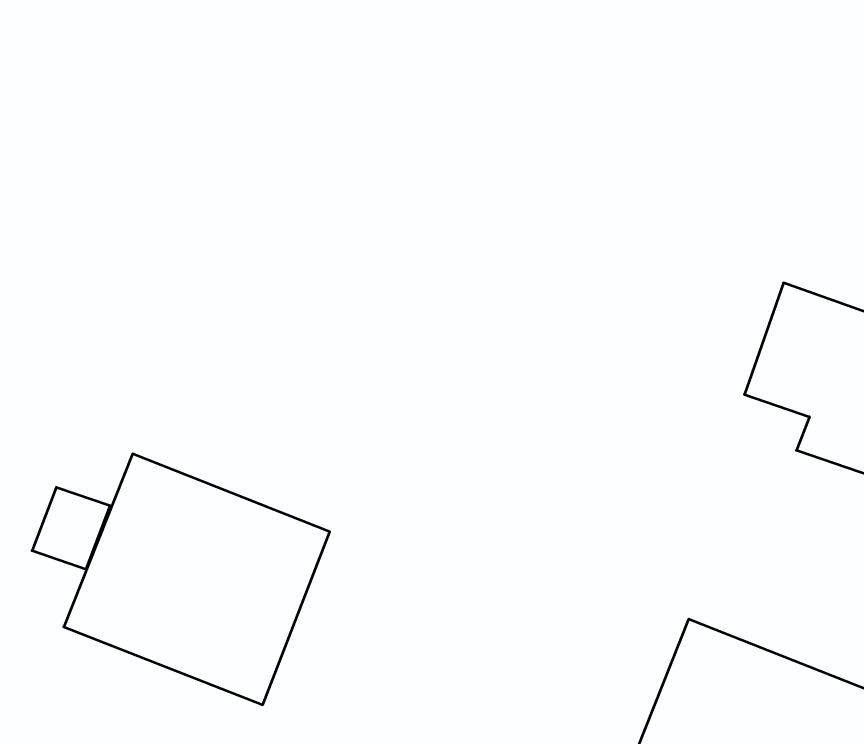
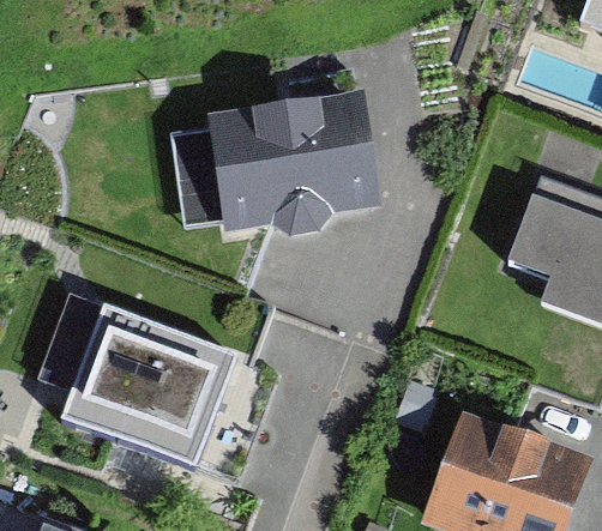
building: none -> [211,97,381,222]

